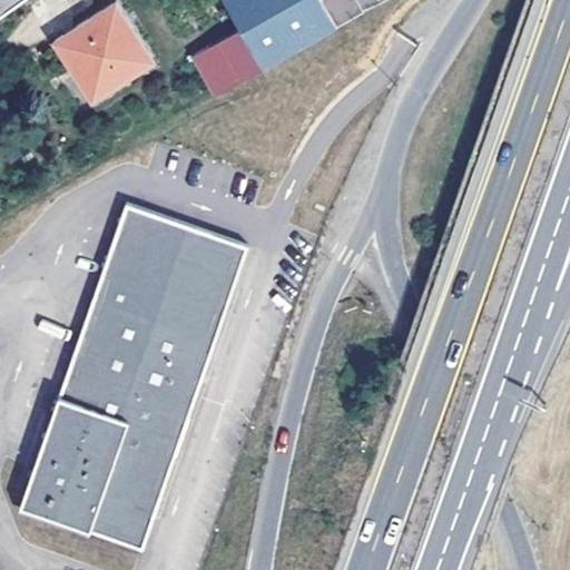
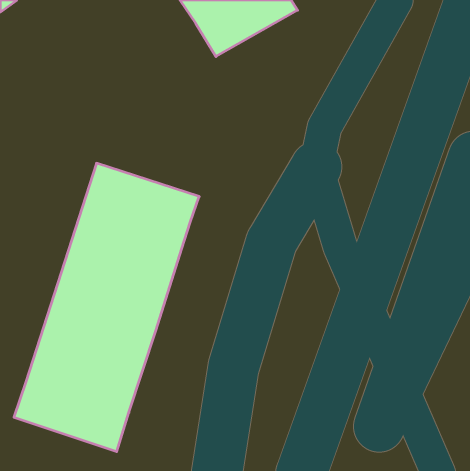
building: [56,10,155,108] -> none
building: [194,31,264,98] -> none

